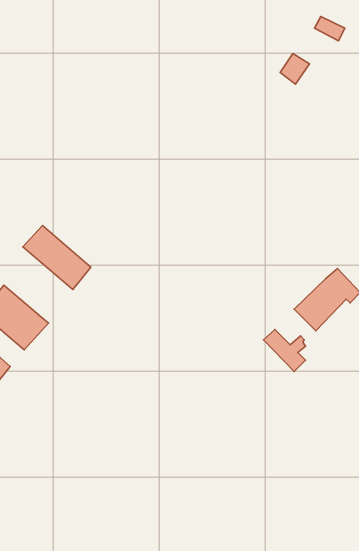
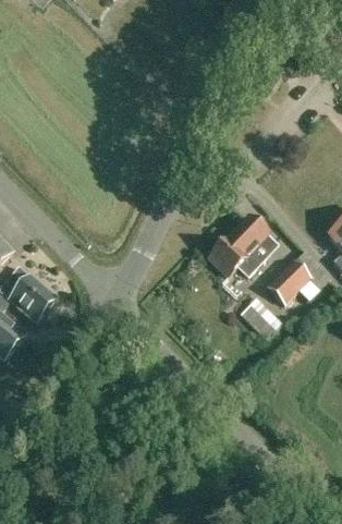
building: [23,225,91,290] -> none
building: none -> [207,215,272,275]

